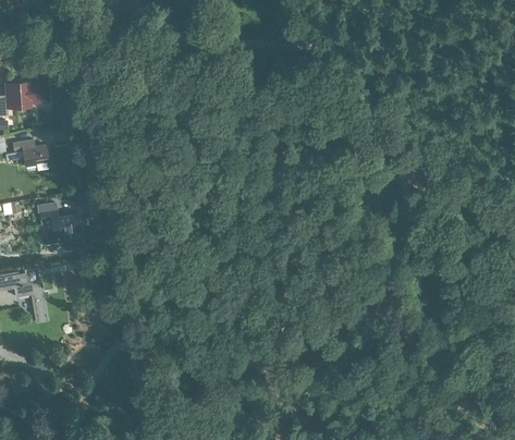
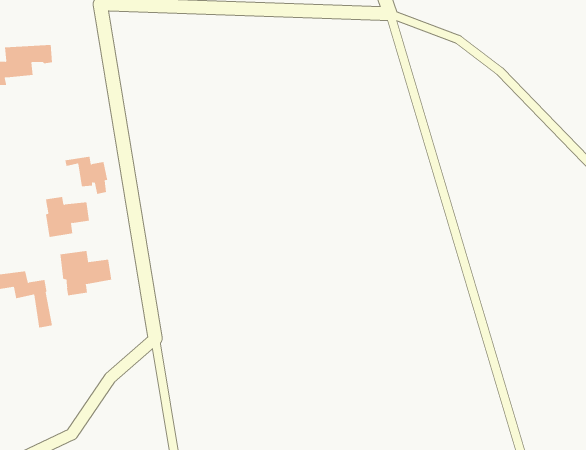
building: [11,140,48,173] -> [65,156,108,195]
building: none -> [60,250,112,296]

